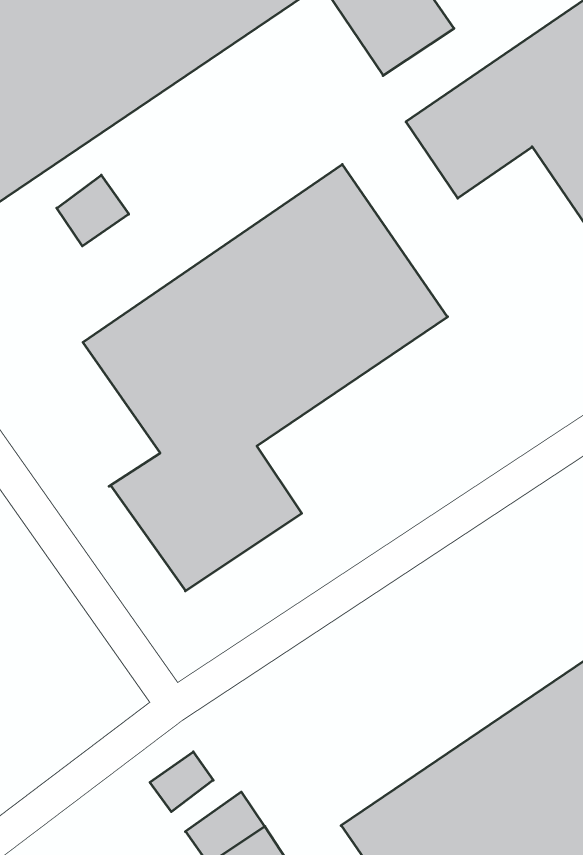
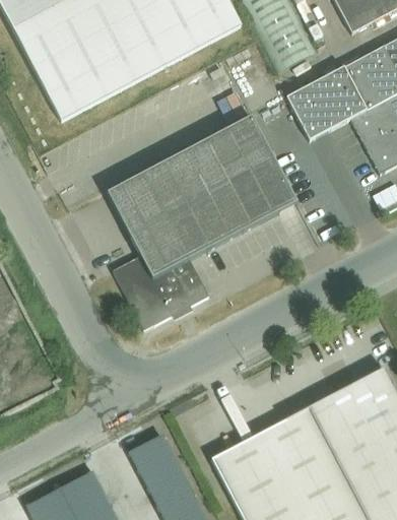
building: [57,175,129,246] -> none
building: [150,752,213,812] -> none

